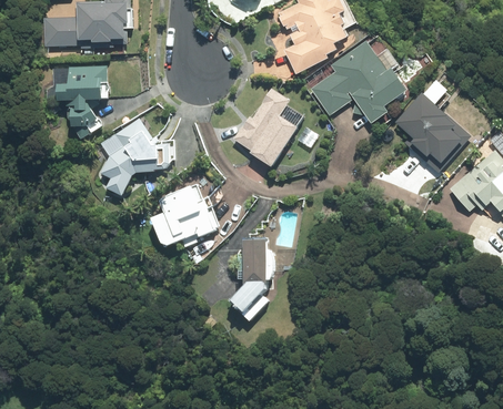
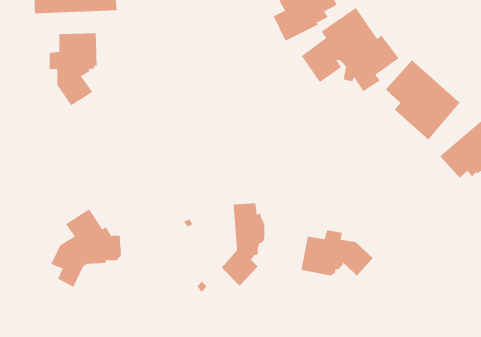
building: [231,88,302,168] -> none
building: [98,119,169,197] -> [51,209,122,288]
building: [150,181,214,244] -> none
building: none -> [301,229,374,277]

